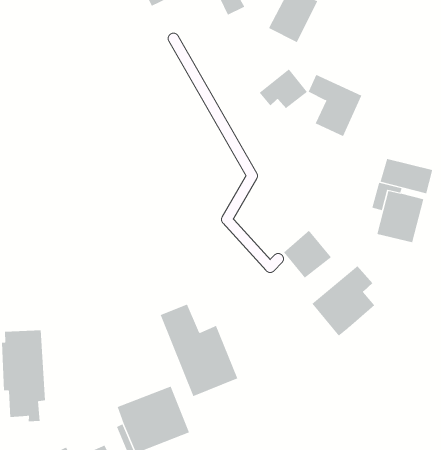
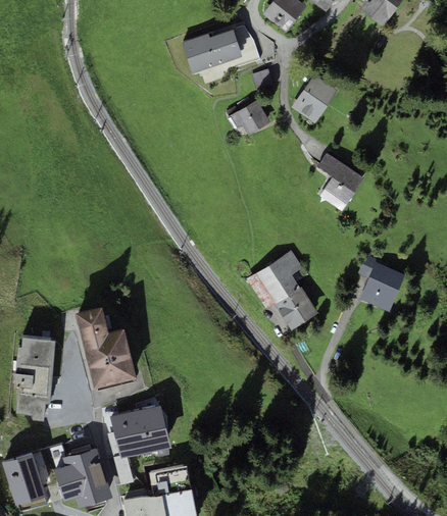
building: [259,69,308,109] -> [228,100,270,135]
building: [380,158,433,194] -> none
building: [312,266,375,336] -> [246,251,302,310]
building: [160,304,238,397] -> [76,307,136,389]

